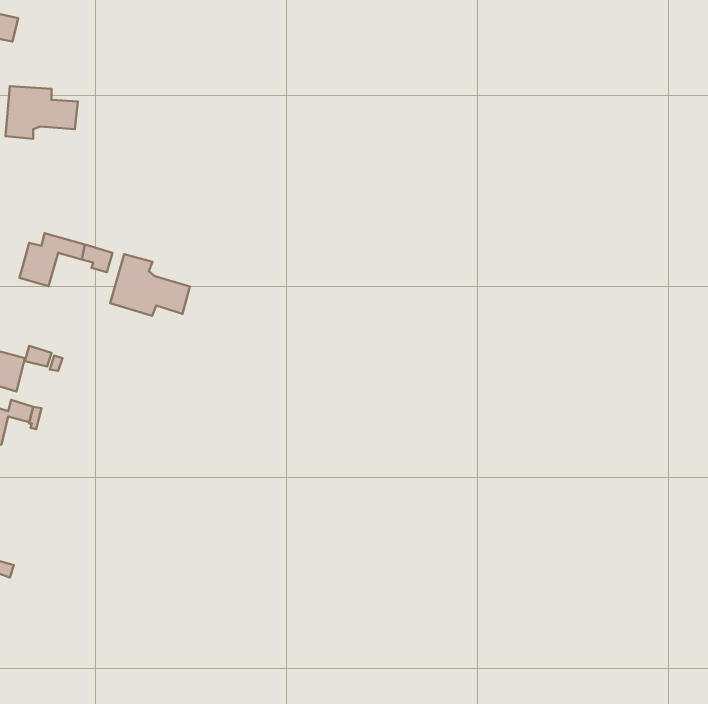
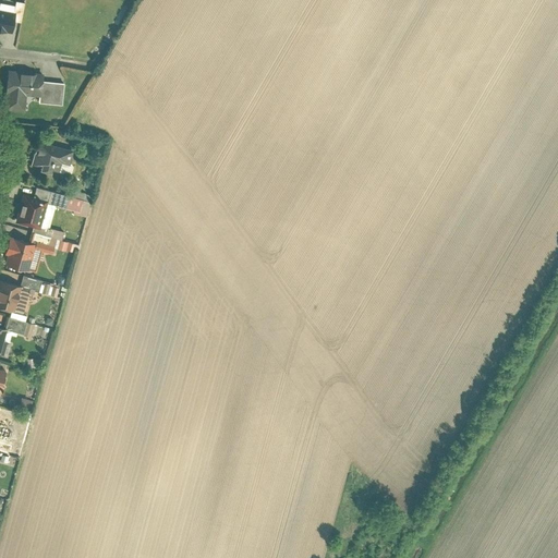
building: none -> [31,144,72,172]
building: [110,254,190,316] -> none
building: none -> [4,232,54,272]

